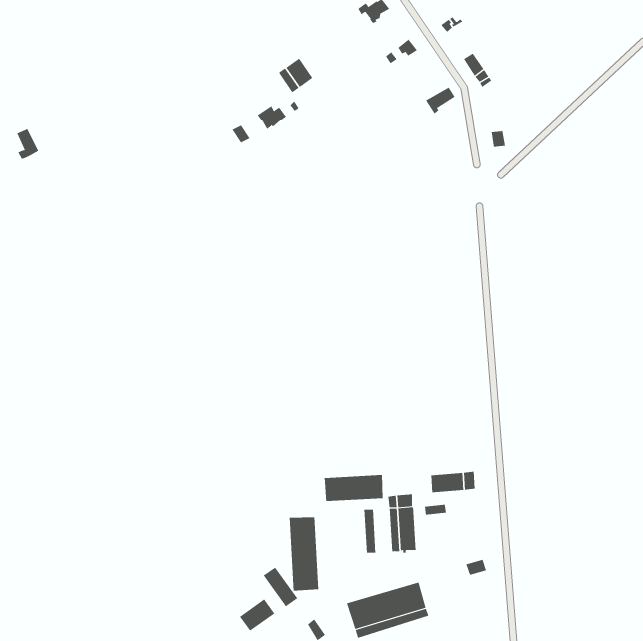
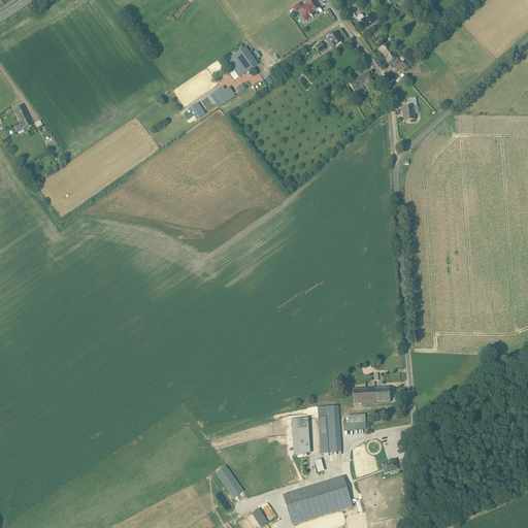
building: [324,474,383,502] -> none
building: [289,517,319,591] -> none
building: [239,599,275,632] -> none

